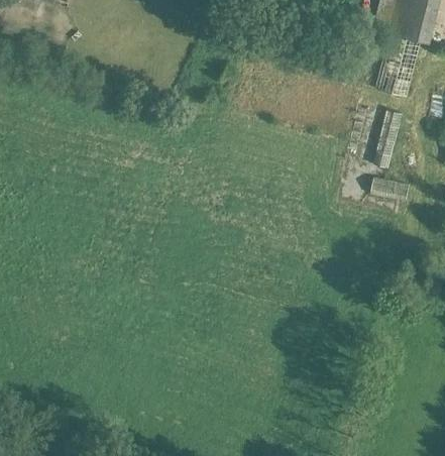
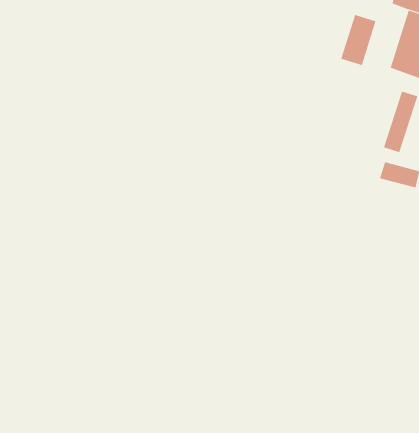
building: none -> [341,14,376,66]

